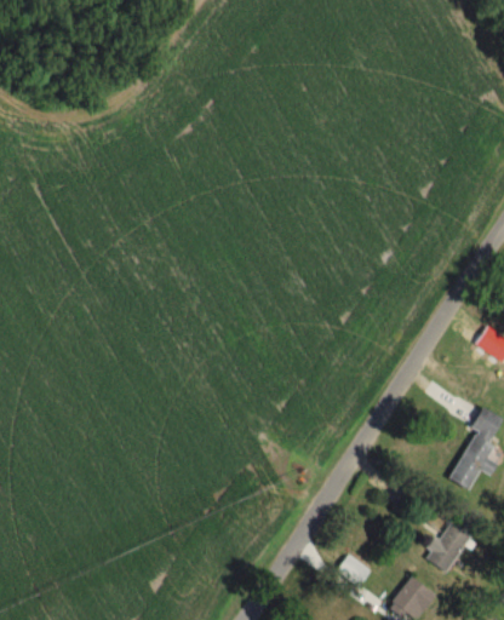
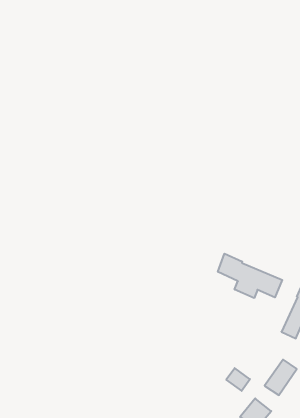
building: none -> [218,254,282,298]
building: [337,553,371,586] -> [226,368,250,391]

